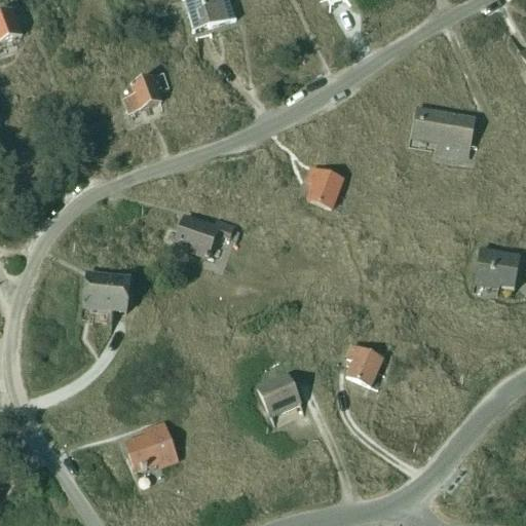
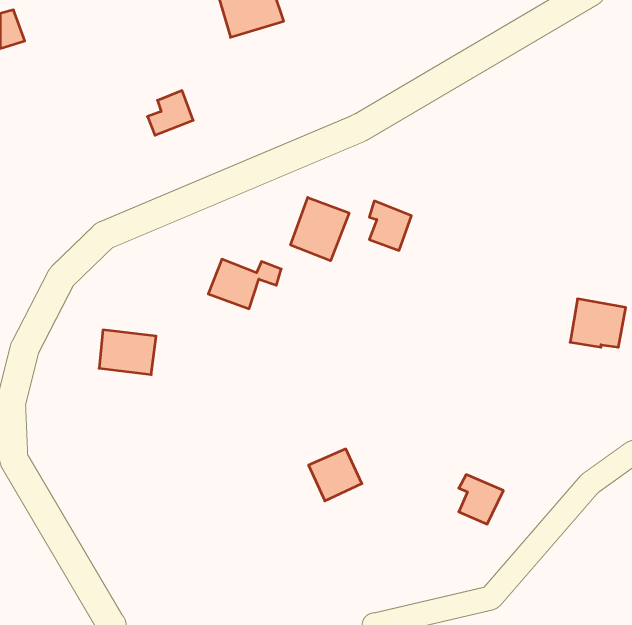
building: [411,107,473,155] -> none
building: none -> [291,197,349,261]
building: [346,344,383,385] -> [459,475,503,524]
building: [126,421,178,469] -> none

